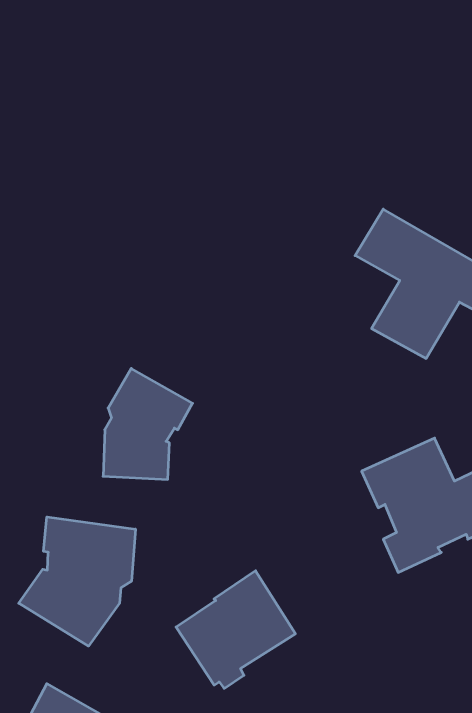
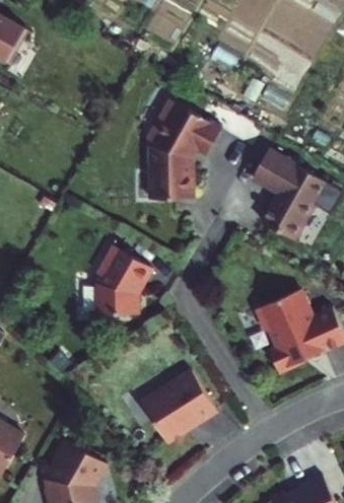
building: none -> [150,99,221,198]
building: [19,517,135,646] -> none

